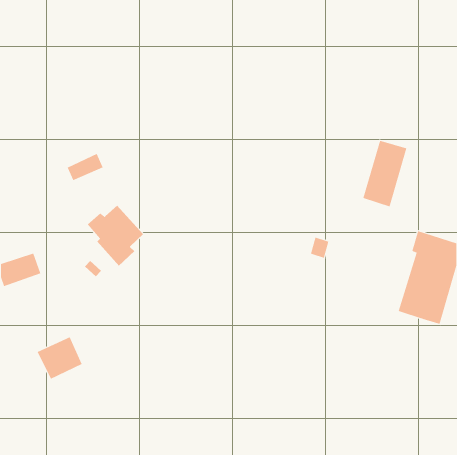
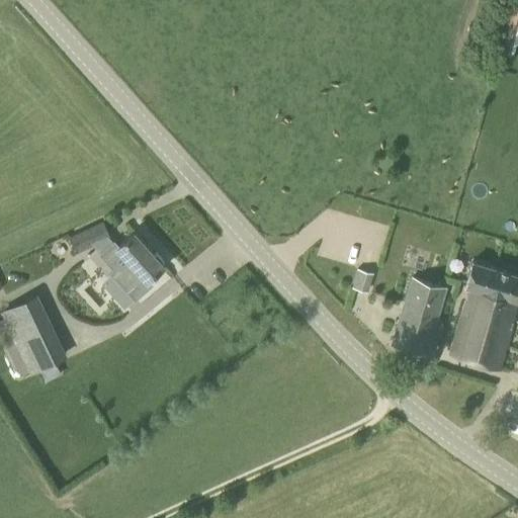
building: [363,140,407,207] -> [393,280,443,356]
building: [67,153,103,181] -> [69,224,110,255]
building: [37,336,83,379] -> [14,328,66,376]

